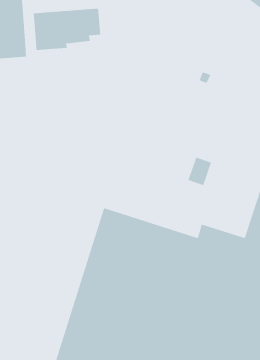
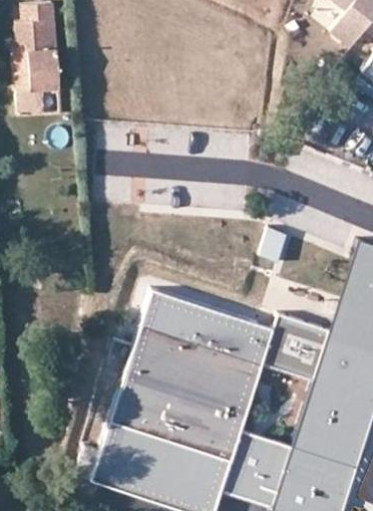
building: [33,8,101,51] -> none

